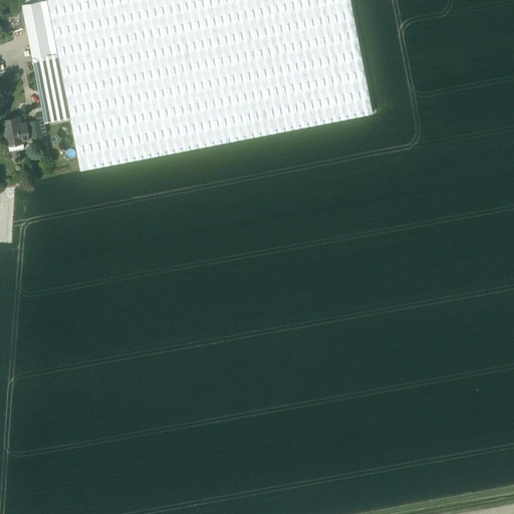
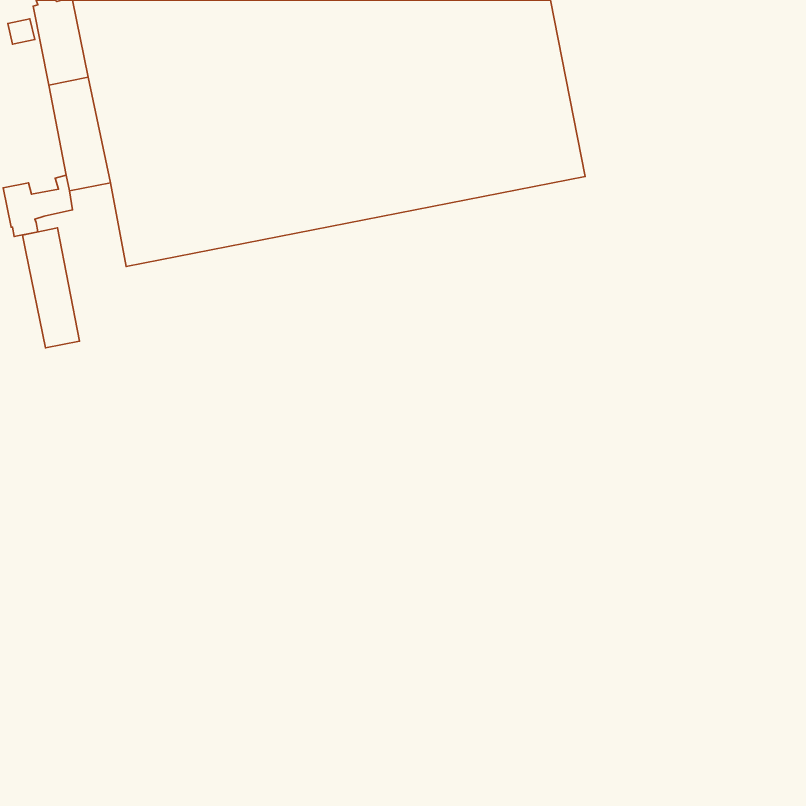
building: none -> [22,228,79,348]

